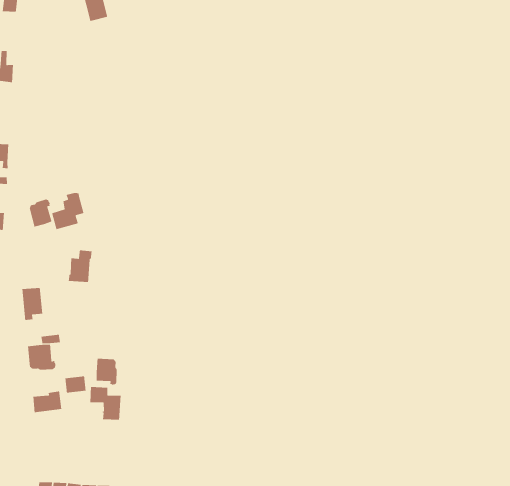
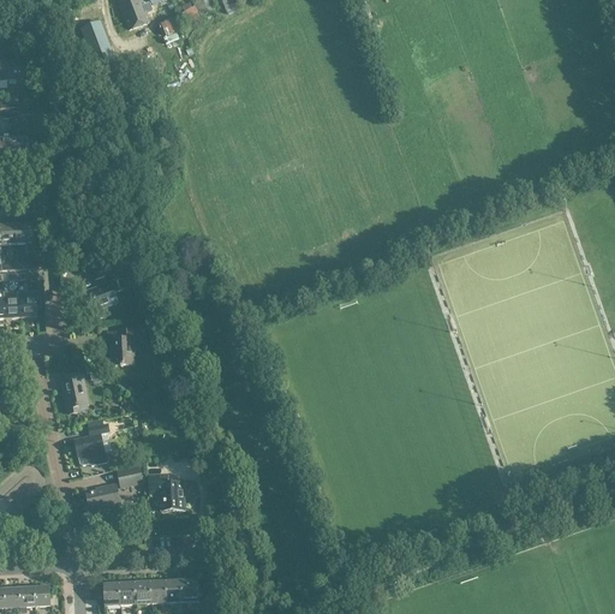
building: [29,199,52,227] -> none
building: [96,358,117,386] -> none

